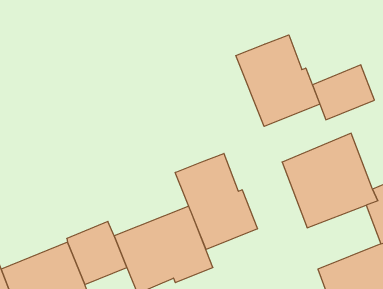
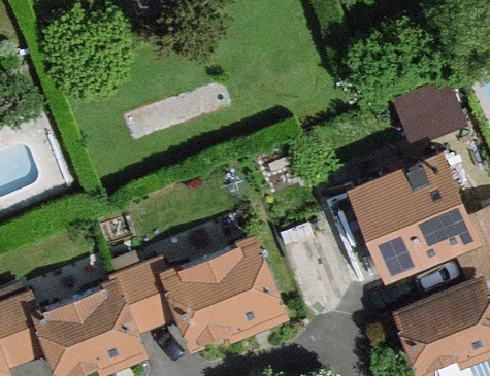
building: [236,35,320,126] -> none
building: [175,153,257,250] -> none

